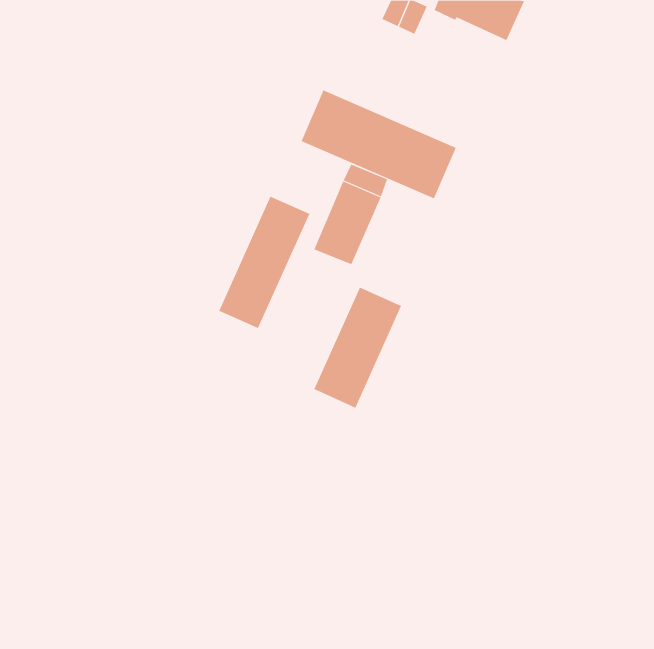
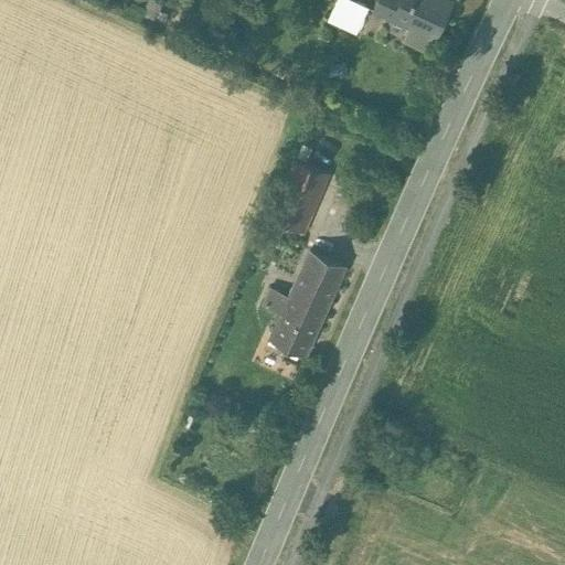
building: [301,90,456,199] -> none
building: [218,196,310,329] -> none

